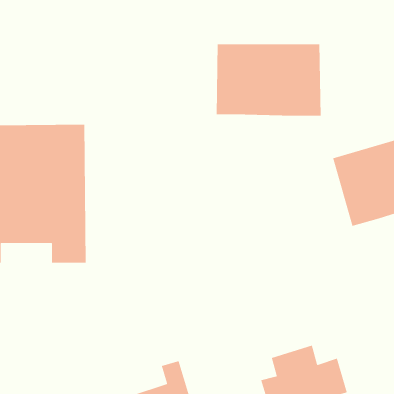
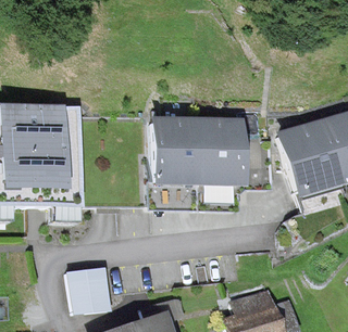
building: [216,43,321,117] -> [156,120,244,181]
building: none -> [71,266,113,310]

